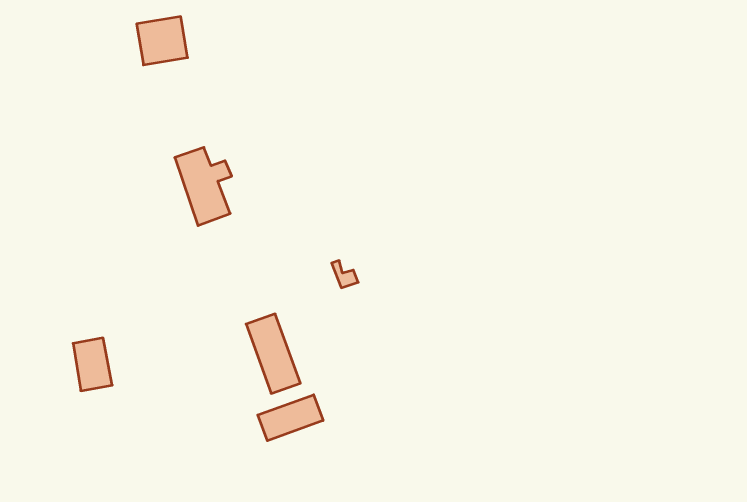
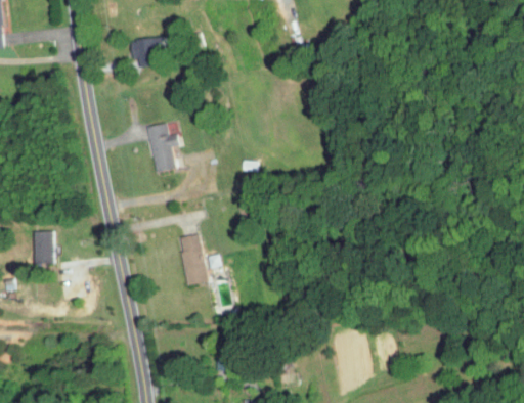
building: [73,338,112,391] -> [31,231,52,263]
building: [258,395,323,441] -> none

